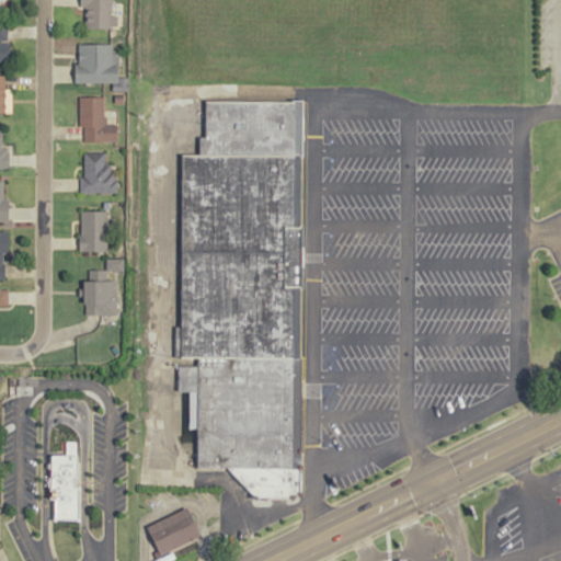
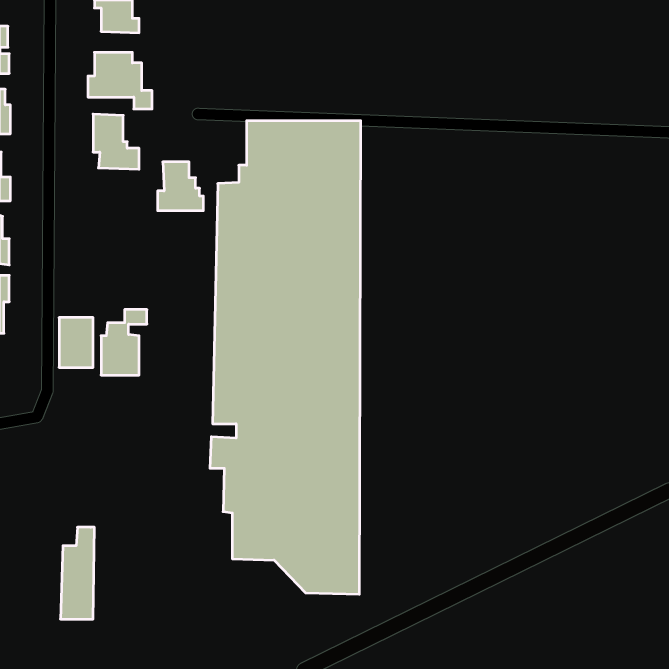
building: [78,152,116,193] -> [158,162,203,211]
building: [78,210,106,252] -> [59,318,93,367]
building: [147,508,199,554] -> none

